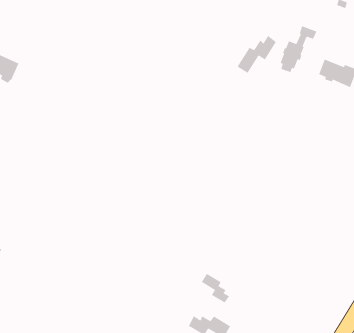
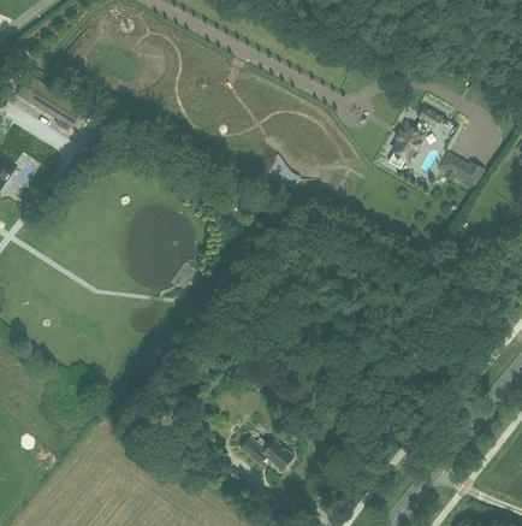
building: [237,35,277,74] -> none
building: [201,273,230,304] -> none

